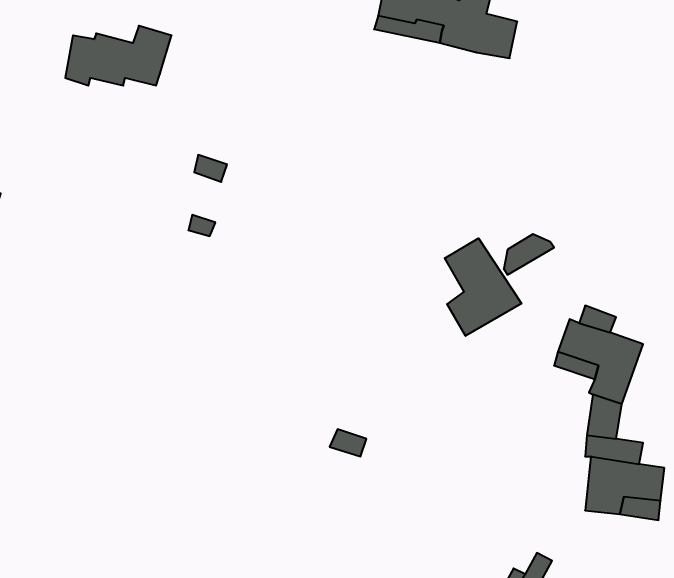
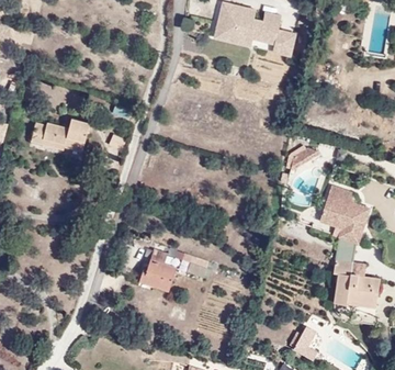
building: [65,26,172,86] -> [32,113,92,147]
building: [445,238,521,336] -> none
building: none -> [142,246,180,288]

